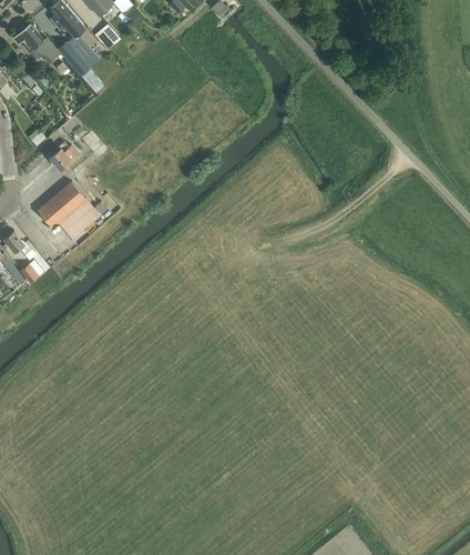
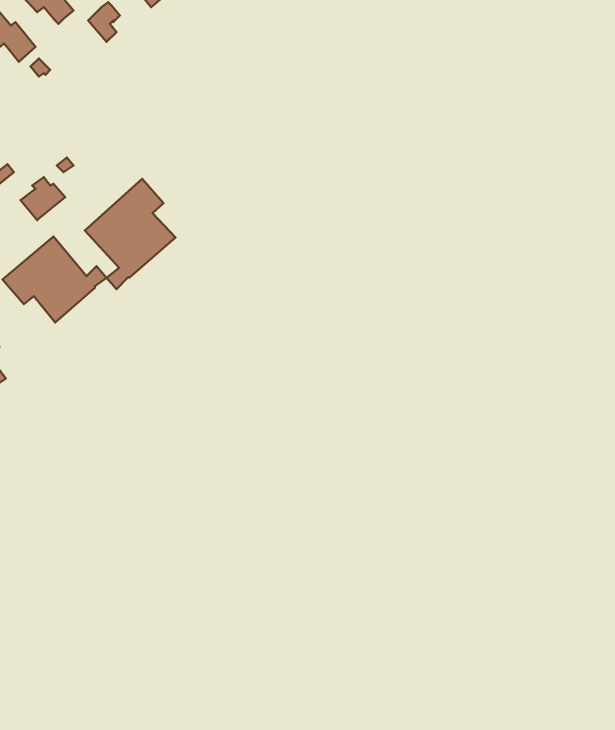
building: [58,34,100,75] -> none
building: none -> [85,179,176,289]

